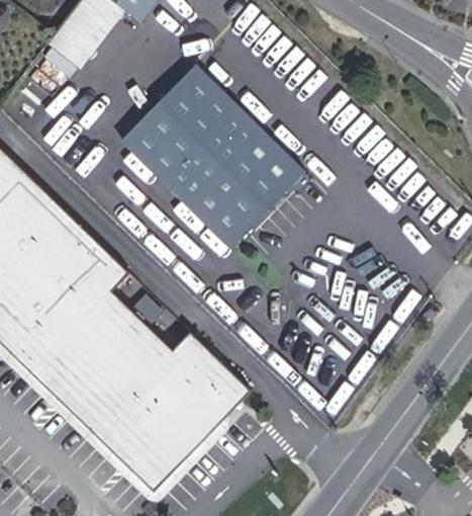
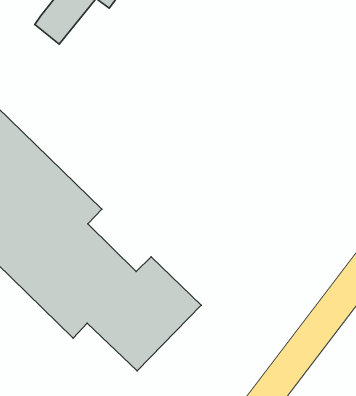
building: [118,67,304,252] -> none
building: [92,415,171,492] -> none

